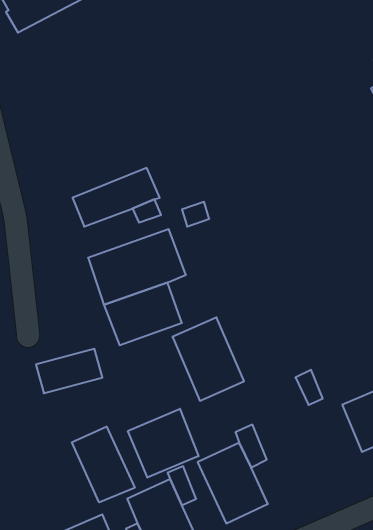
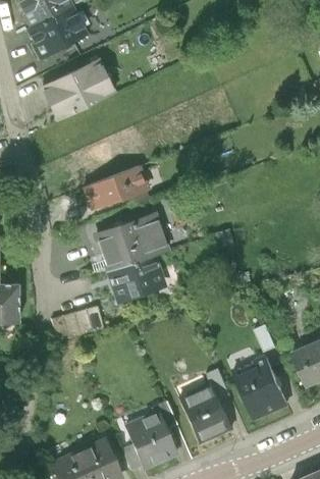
building: none -> [38,58,113,121]
building: [172,317,244,401] -> [232,354,288,419]
building: [128,409,199,478] -> none
building: [72,427,135,502] -> none

